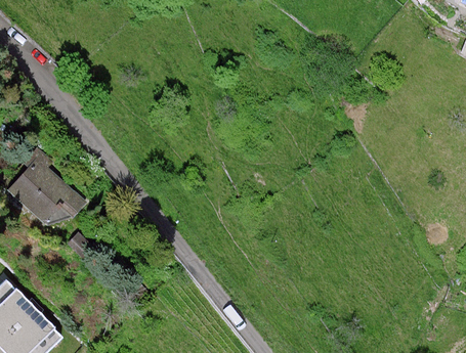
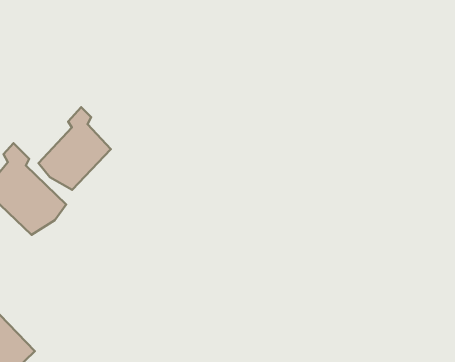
building: none -> [39,107,111,190]

